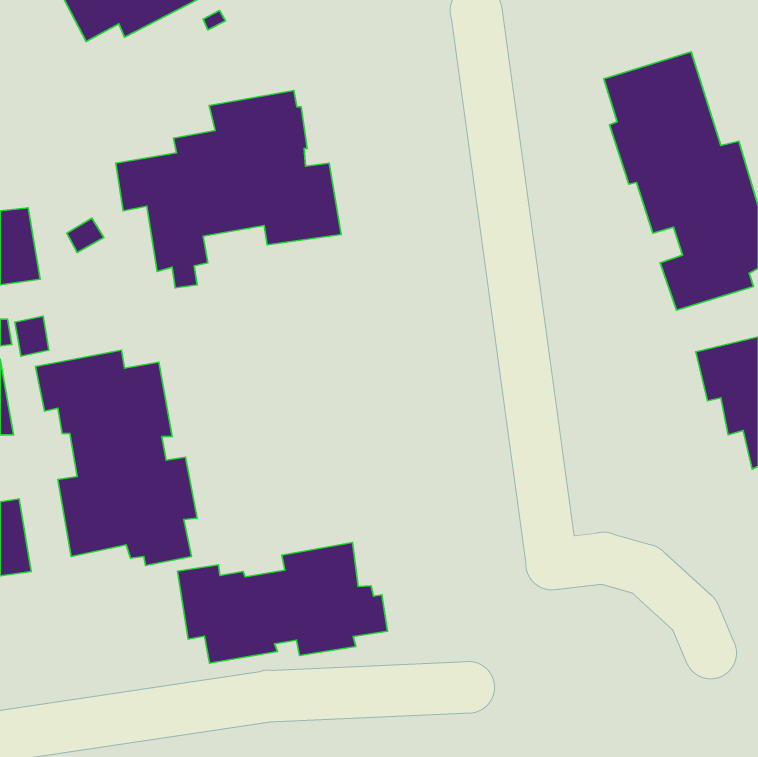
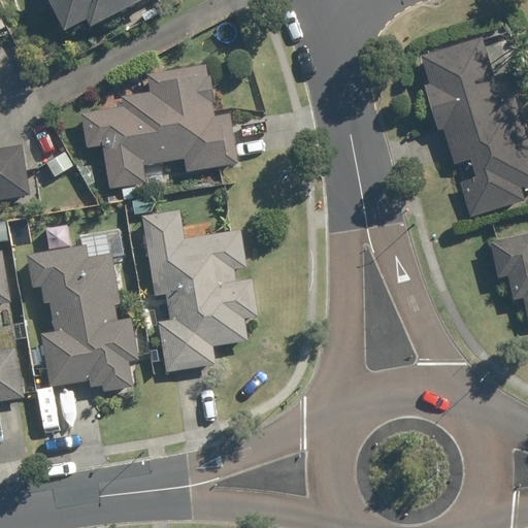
building: none -> [141,210,257,371]
building: [177,543,387,663] -> none

